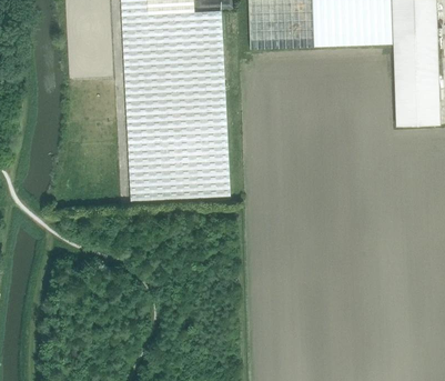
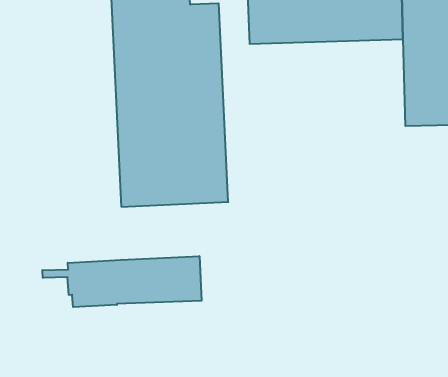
building: none -> [42,256,202,307]

